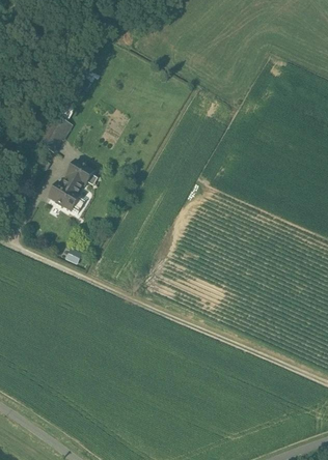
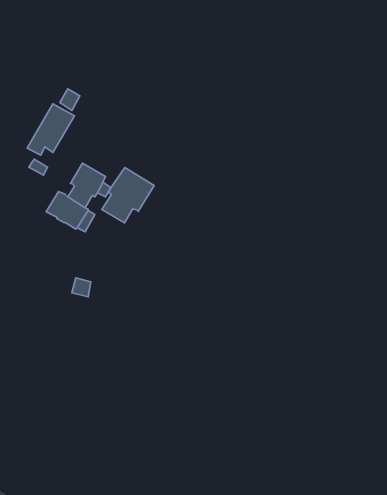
building: none -> [102,168,154,223]

